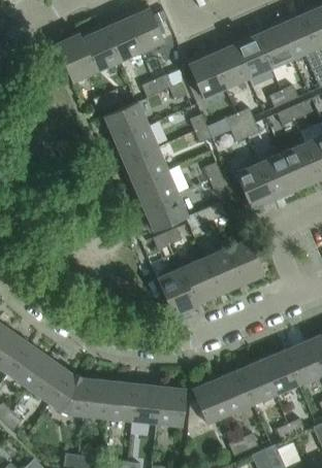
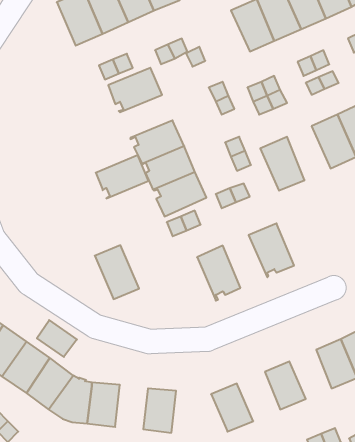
building: [187,52,226,98] -> none
building: [111,126,158,164] -> [96,155,148,198]
building: [259,154,297,201] -> none
building: [202,249,242,296] -> none
building: [157,269,196,316] -> [95,245,139,299]
building: none -> [37,320,77,357]
building: [261,350,298,394] -> none
building: [215,370,253,413] -> none
building: [107,381,136,421] -> none
building: [157,387,186,426] -> none

